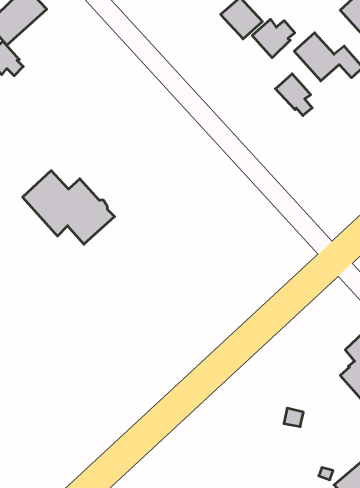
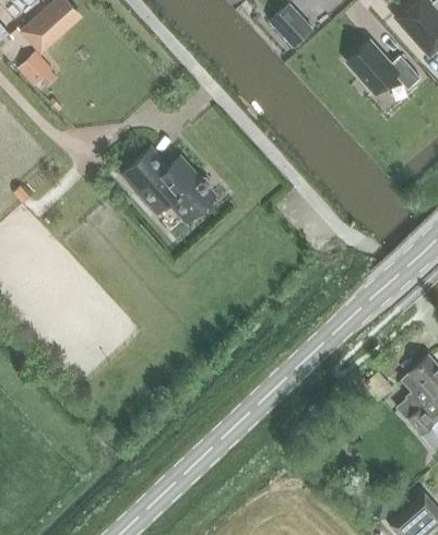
building: [252,19,295,58] -> none
building: [275,74,312,116] -> none
building: [23,171,115,244] -> [119,144,217,223]

